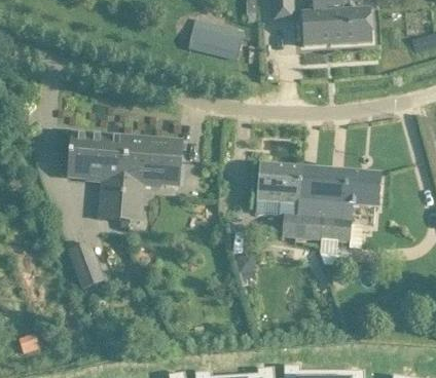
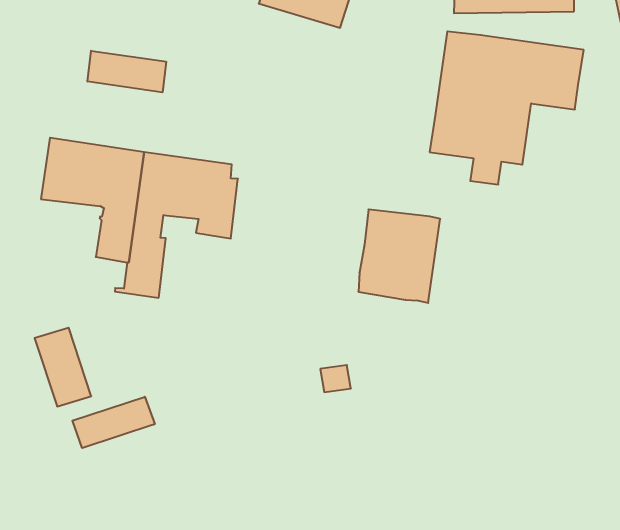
building: none -> [88,51,166,92]
building: [294,167,380,255] -> [430,31,584,184]
building: none -> [72,397,155,448]

